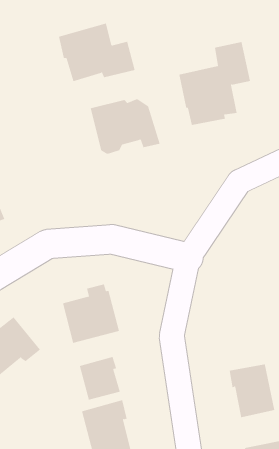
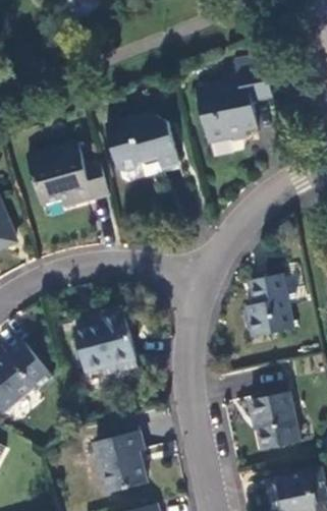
building: [58,23,135,82] -> [24,141,106,204]
building: none -> [248,274,292,338]
building: [79,356,121,400] -> none

